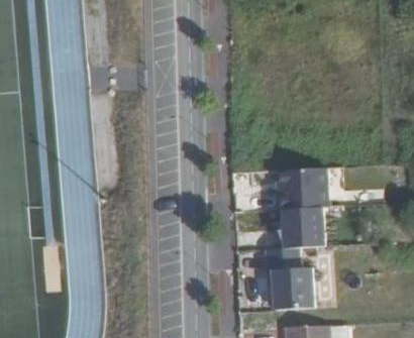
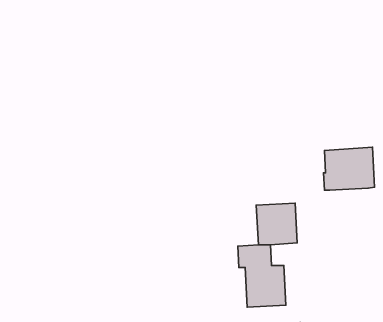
building: [279,166,329,209] -> [323,147,374,190]

